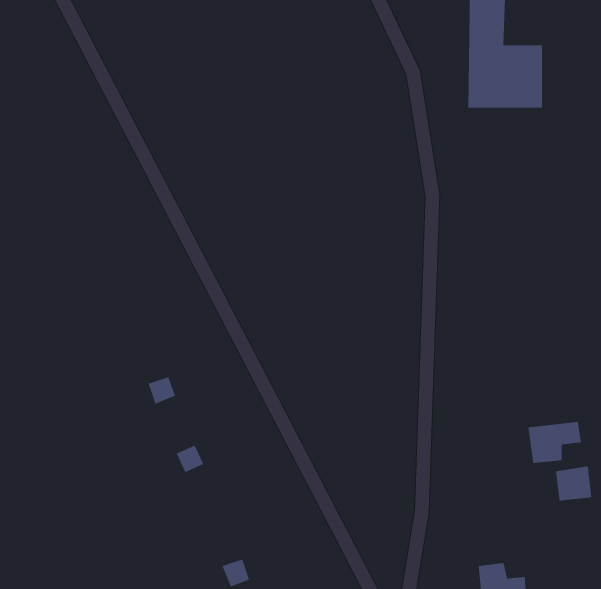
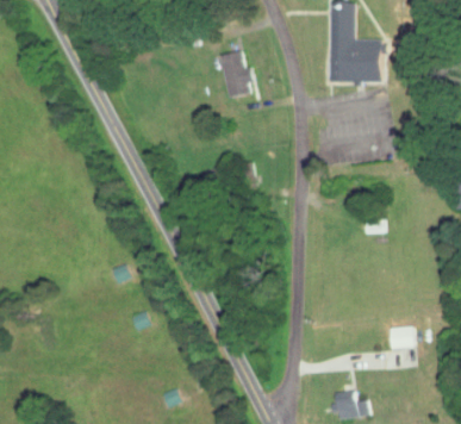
building: none -> [220,51,253,98]
building: [528,421,582,464] -> none

